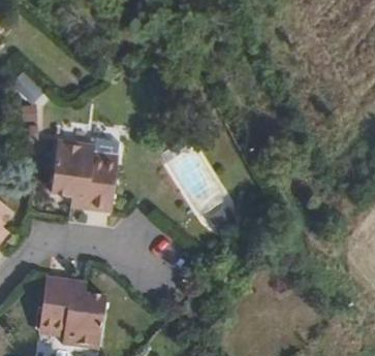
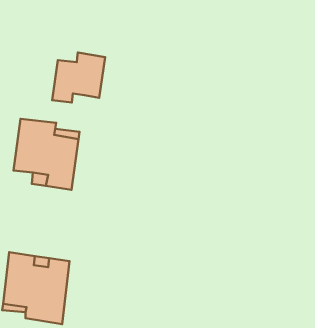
building: none -> [52,53,105,103]

